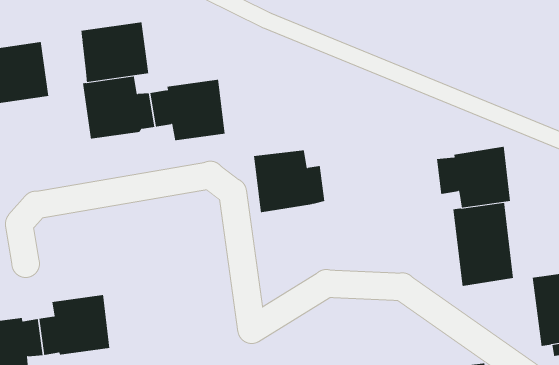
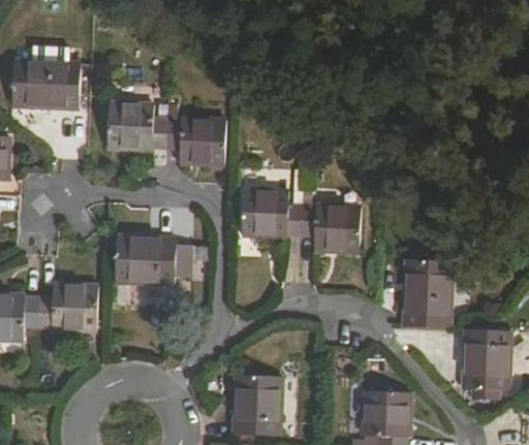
building: [81,21,149,83] -> none
building: [436,146,511,208] -> [300,203,361,251]
building: none -> [116,234,177,283]

